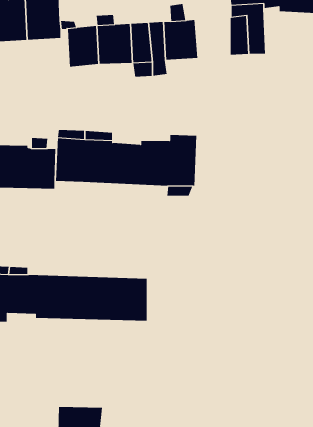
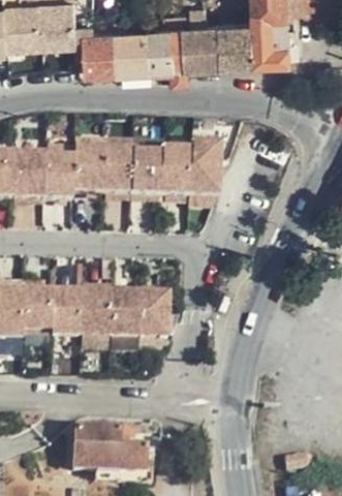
building: none -> [218,19,254,61]

